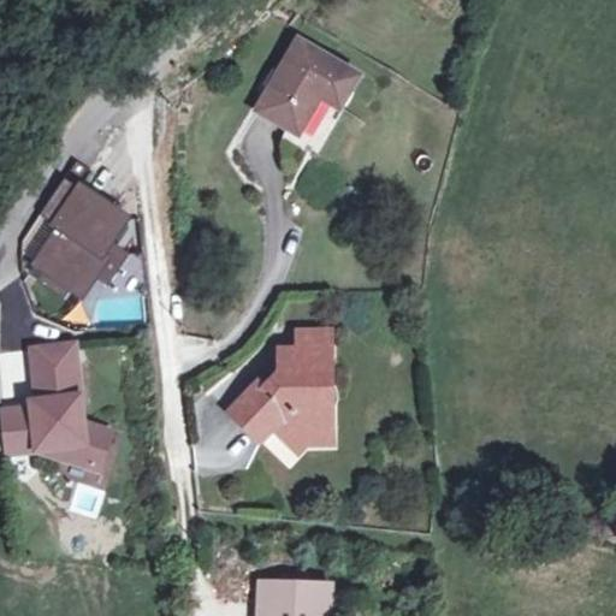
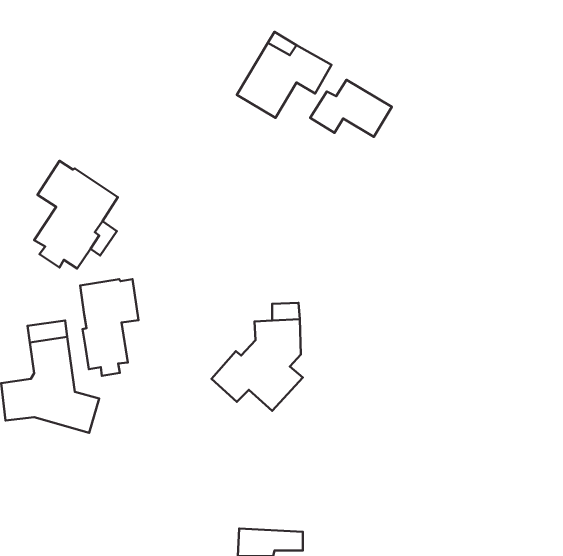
building: none -> [310,80,392,137]
building: none -> [80,279,139,376]

